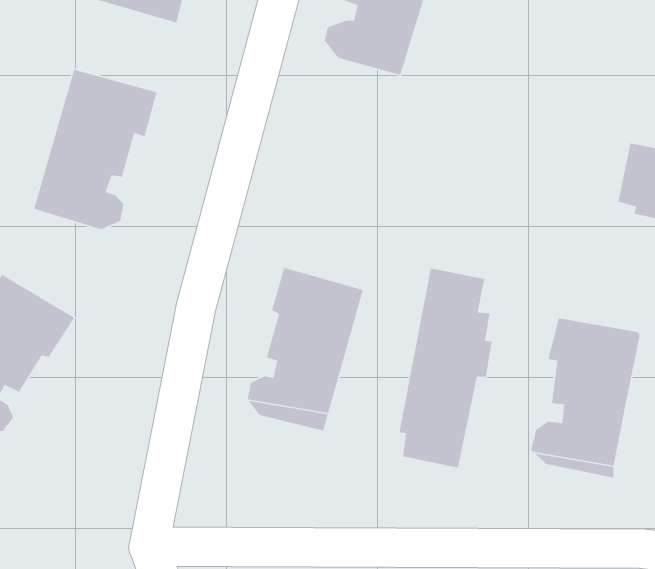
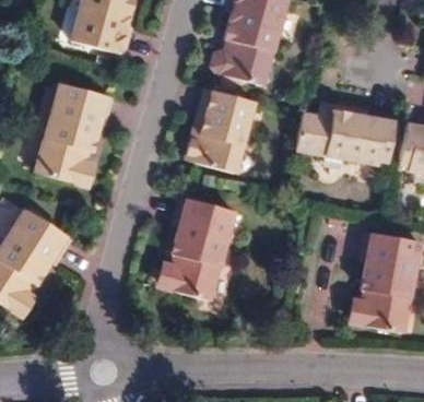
building: none -> [191,86,260,169]
building: none -> [295,105,394,164]
building: [399,268,493,469] -> none

